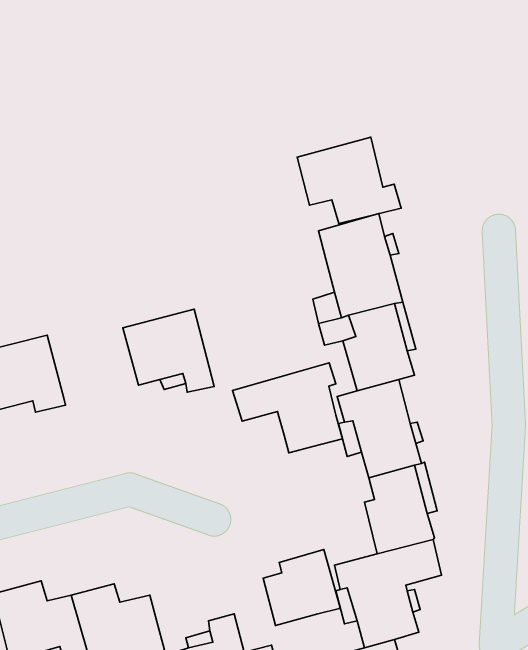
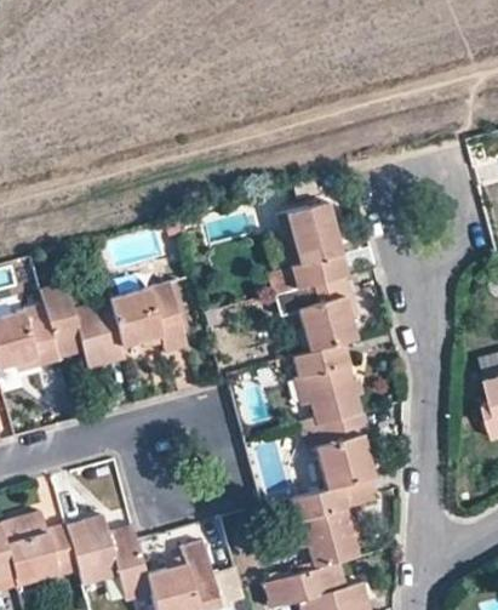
building: [297,137,401,223] -> none
building: none -> [41,284,125,370]
building: [233,363,343,453] -> none
building: [263,549,340,625] -> none

